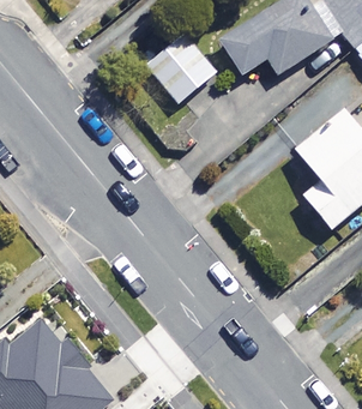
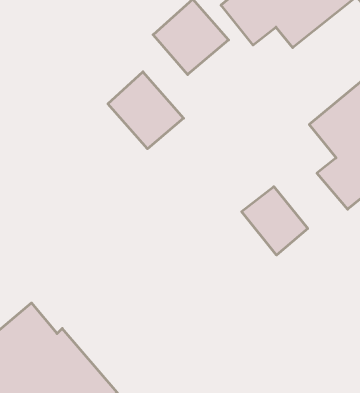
building: none -> [108,72,184,149]
building: none -> [242,187,308,255]

